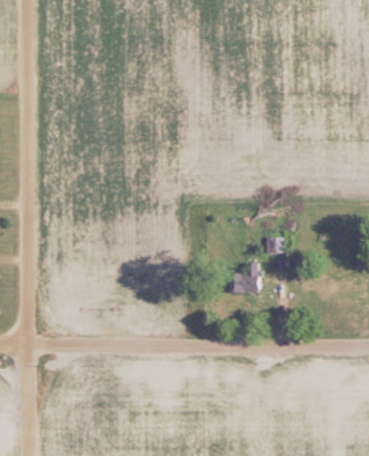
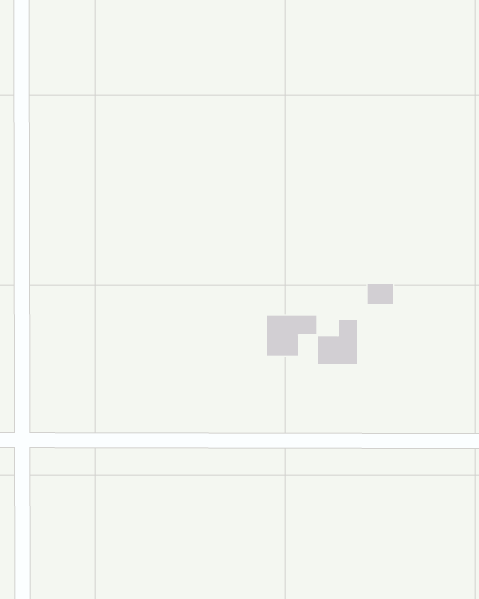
building: none -> [266,315,317,357]

